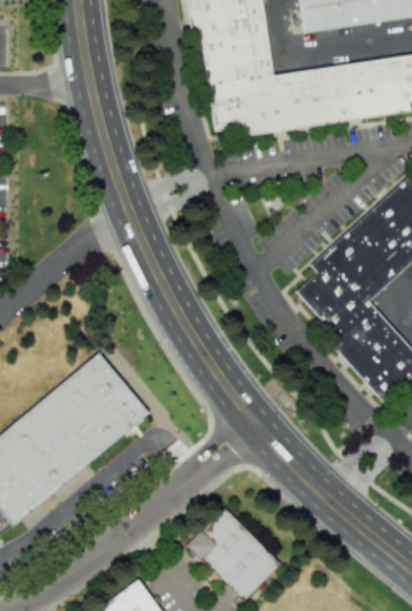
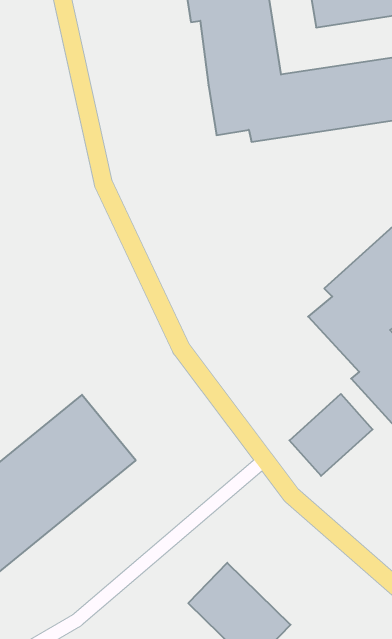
building: none -> [289,394,373,476]

